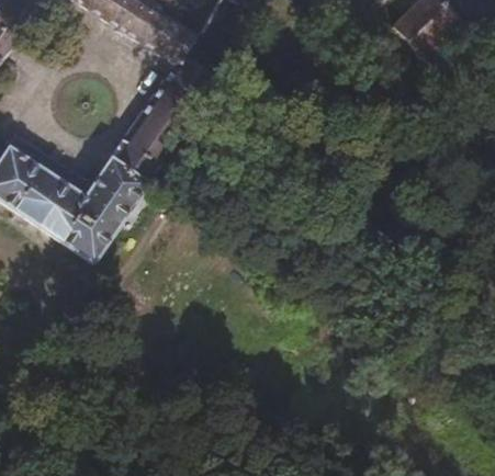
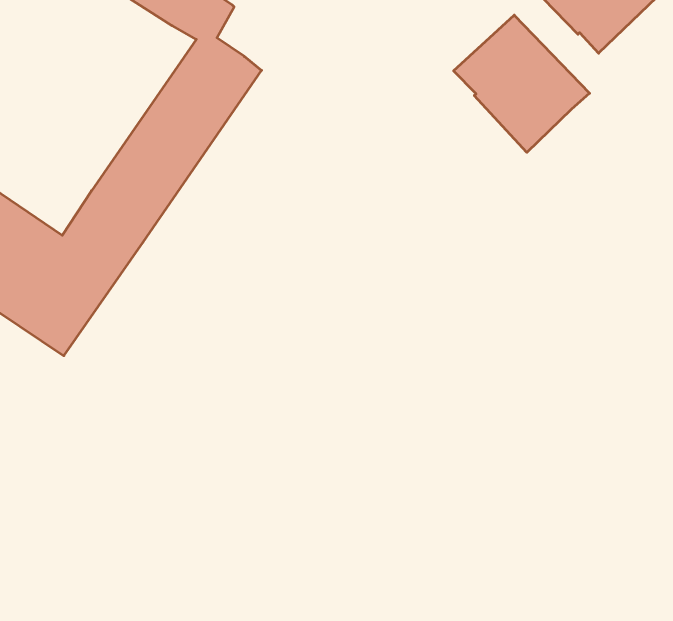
building: none -> [454,15,590,152]

